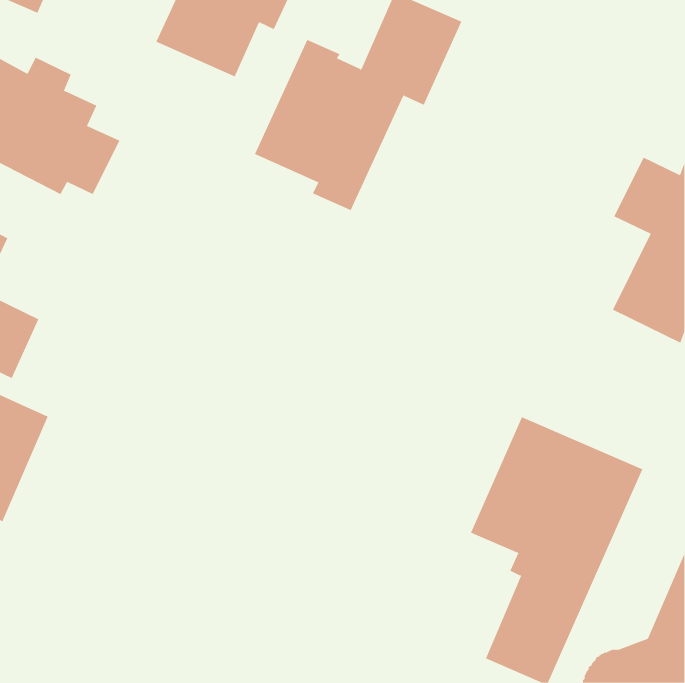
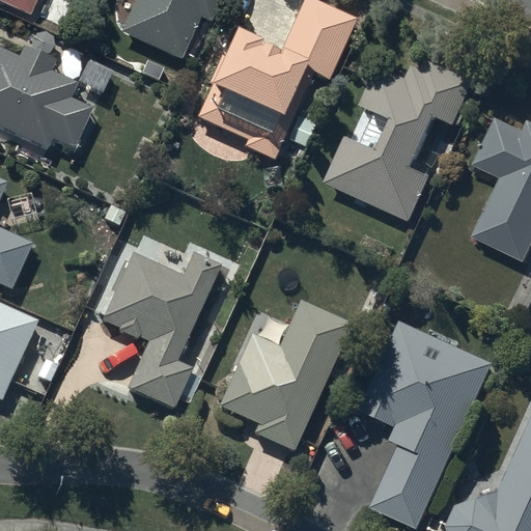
building: none -> [326,62,475,223]
building: none -> [101,250,220,406]
building: none -> [220,301,351,450]

